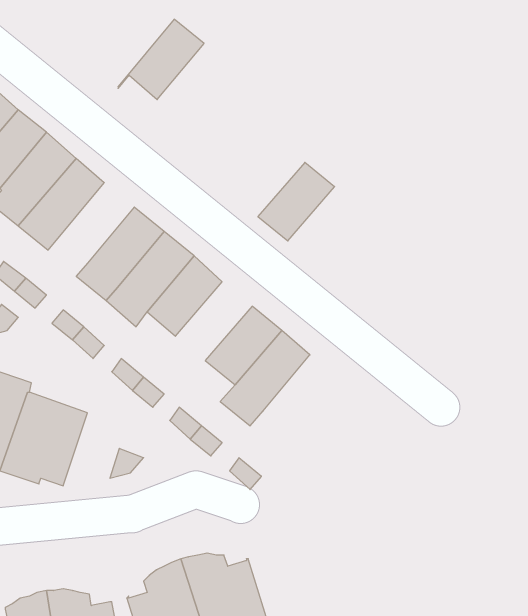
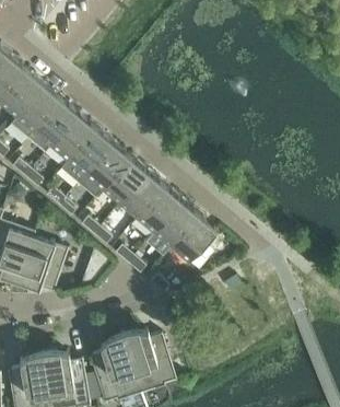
building: [118,19,204,100] -> [44,113,94,160]
building: [258,162,335,241] -> [118,171,163,217]
building: none -> [169,213,216,260]

